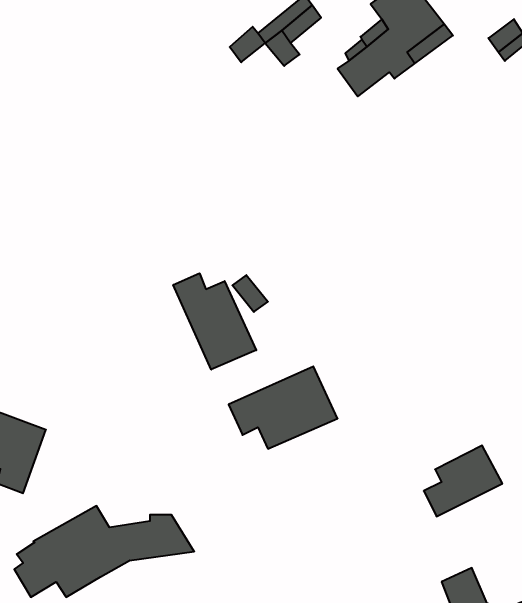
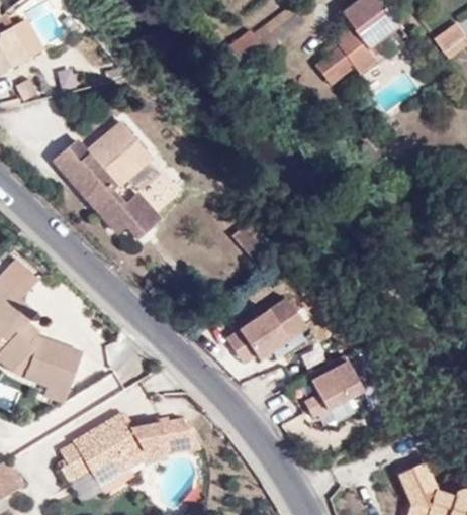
building: none -> [56,123,183,240]
building: [173,273,256,370] -> none
building: [424,445,502,516] -> [305,369,368,425]

